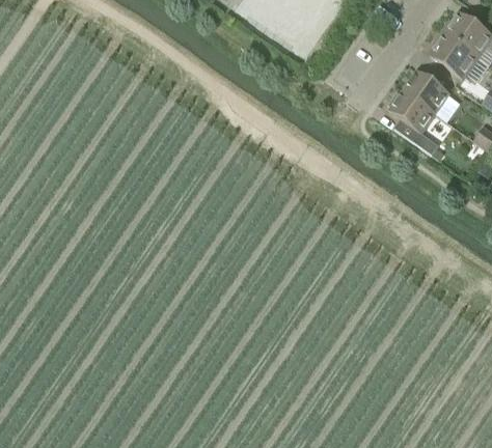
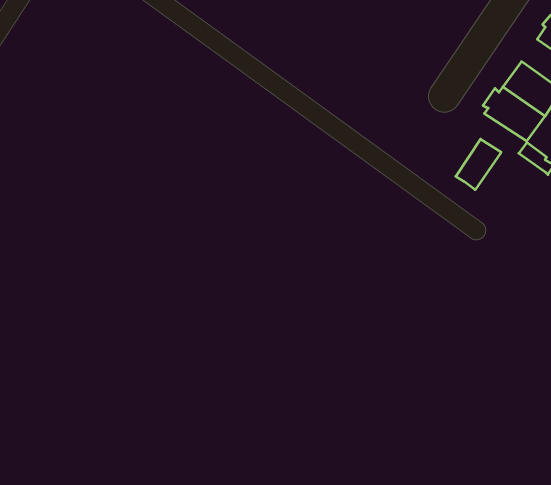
building: none -> [456,139,501,190]

